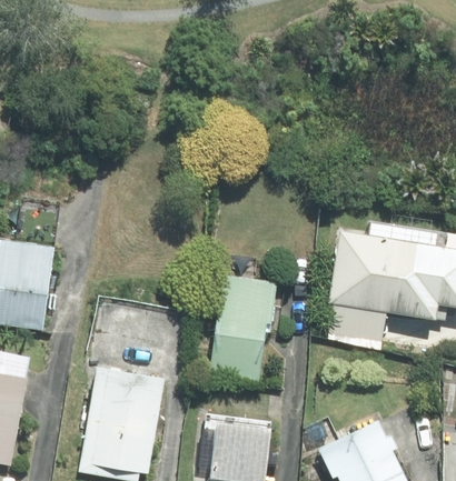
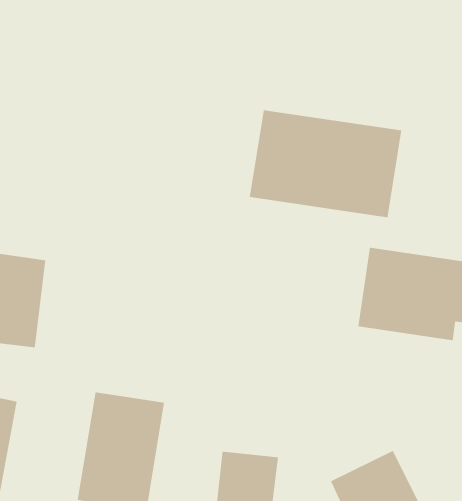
building: none -> [249,109,402,218]
building: [207,274,275,383] -> none

